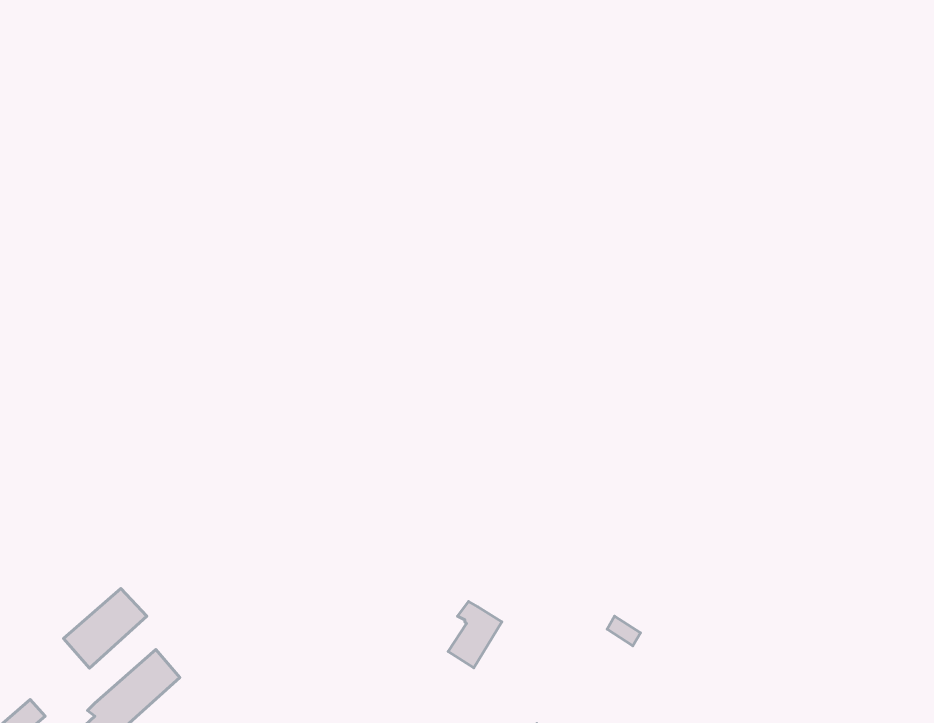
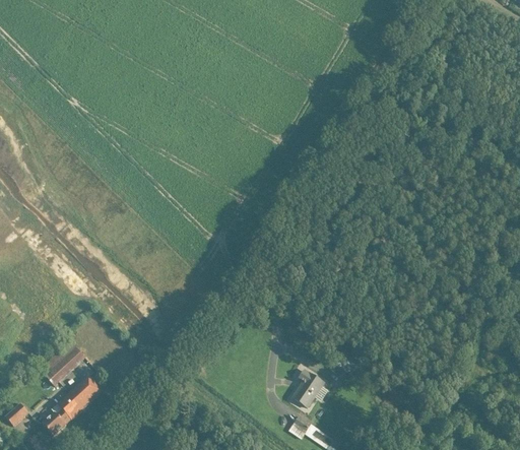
building: [448,601,502,668] -> [294,371,323,407]

